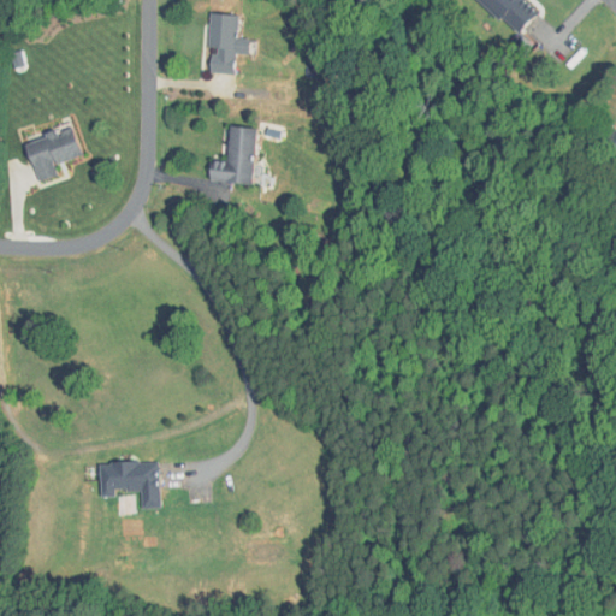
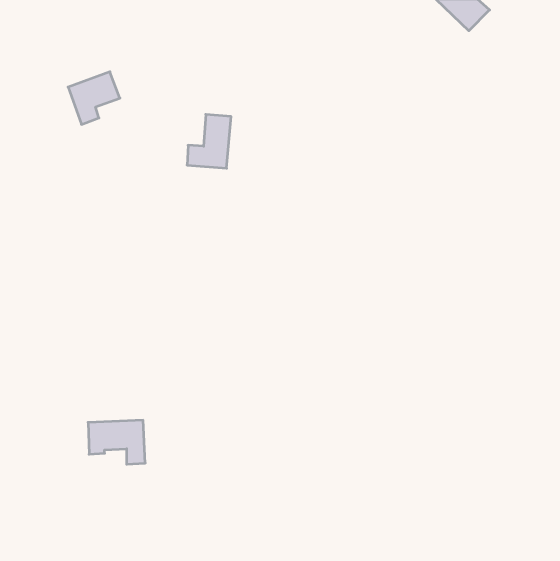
building: [208,13,245,75] -> none
building: [23,125,79,183] -> [68,72,120,124]

